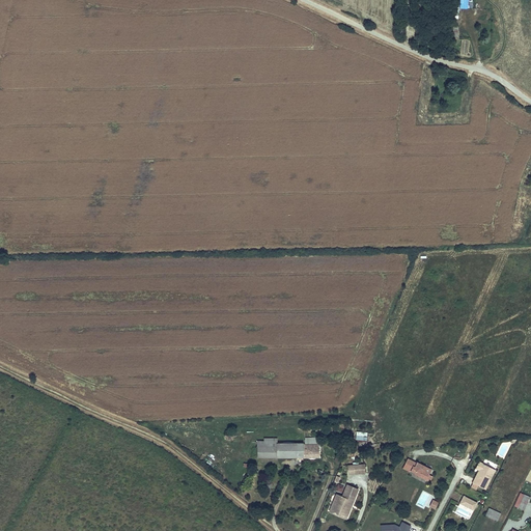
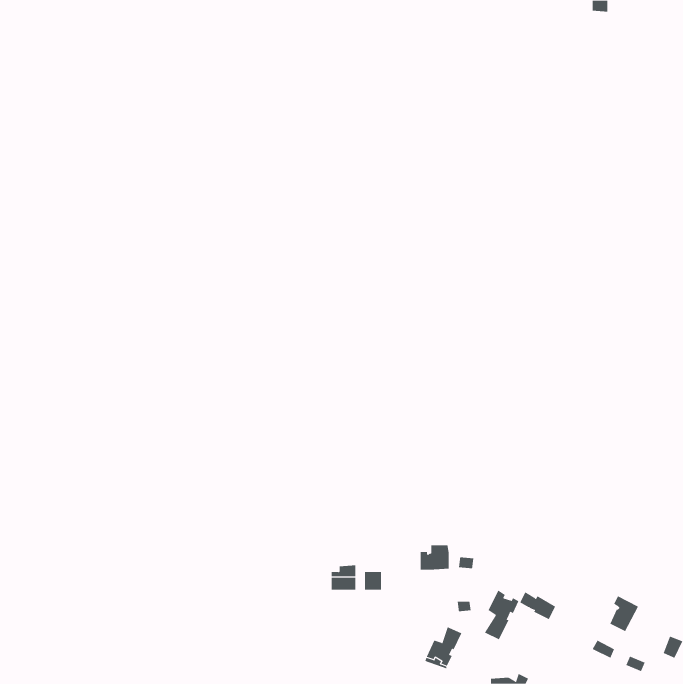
building: [296,438,318,457] -> [420,545,449,570]
building: none -> [484,590,519,640]

